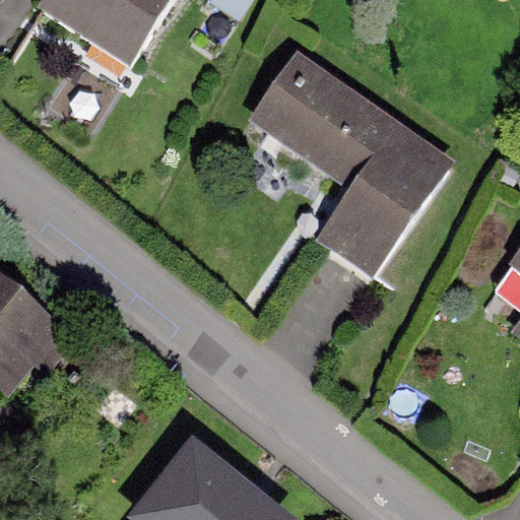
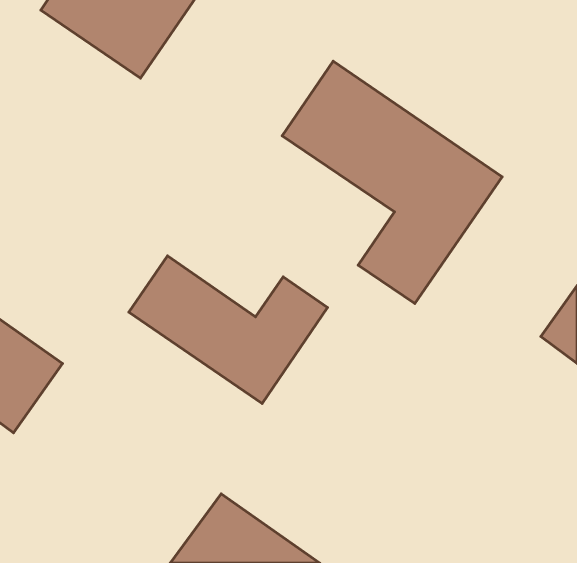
building: none -> [129,256,328,403]

